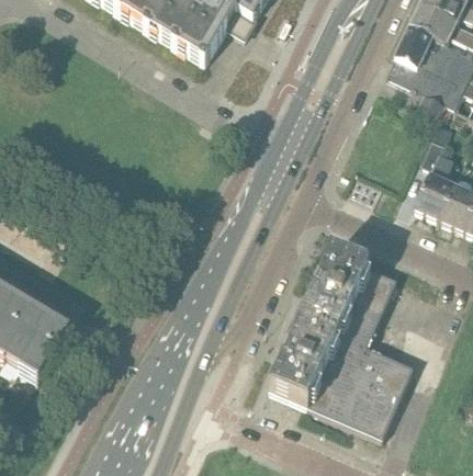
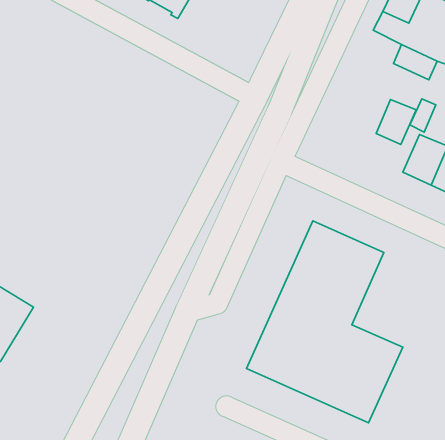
building: none -> [376,100,416,144]

